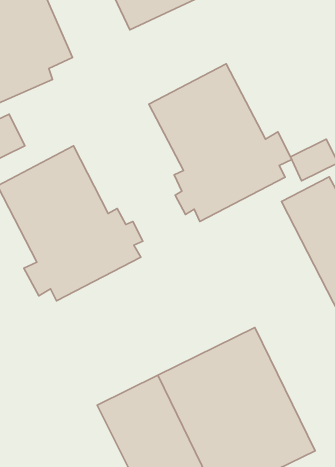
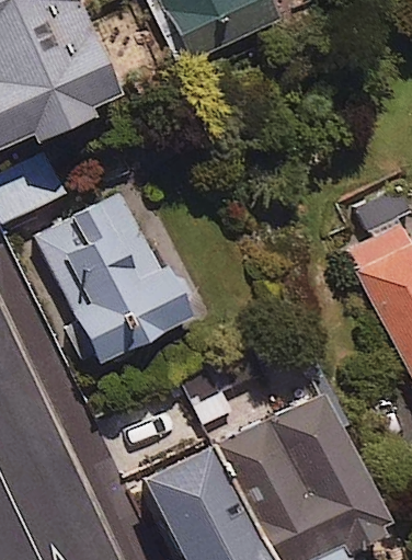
building: [149,64,292,222] -> none

